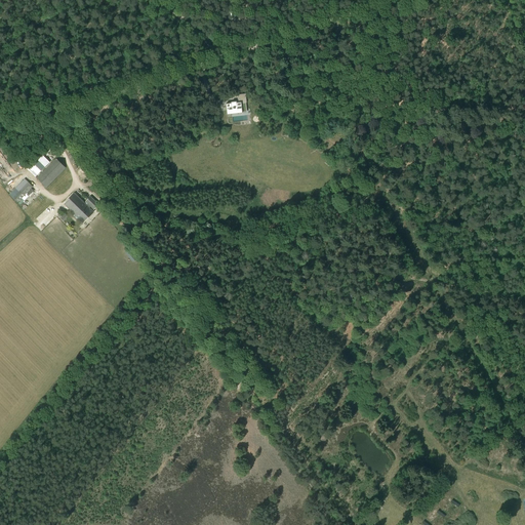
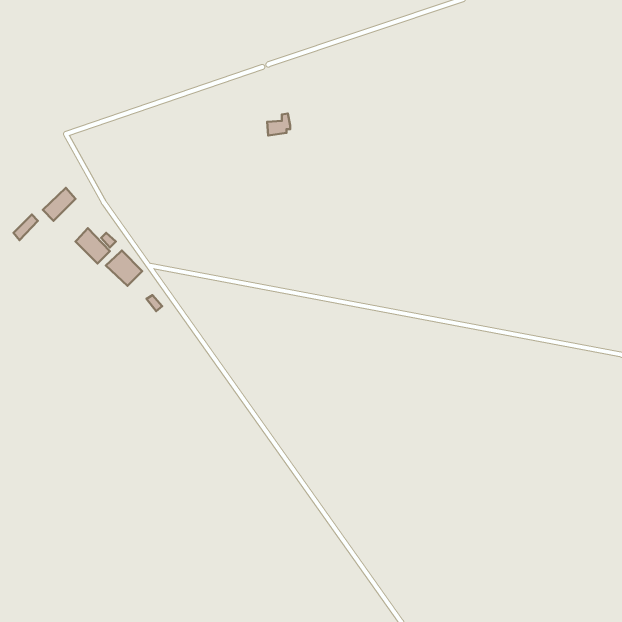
building: none -> [106,251,142,286]

